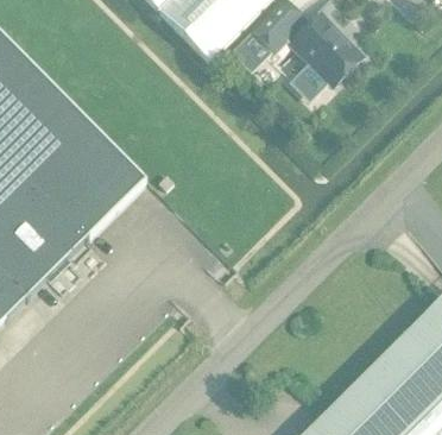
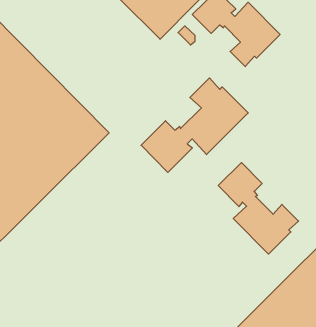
building: none -> [141,78,248,172]
building: none -> [218,163,299,254]

